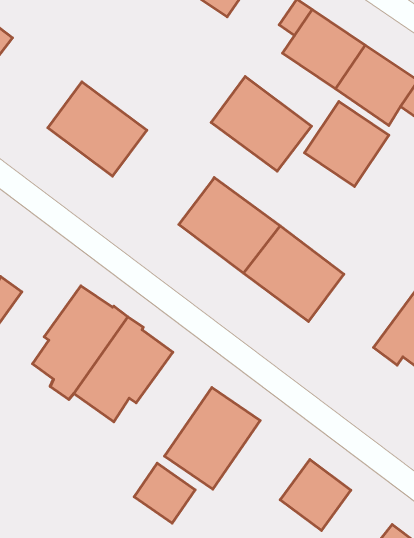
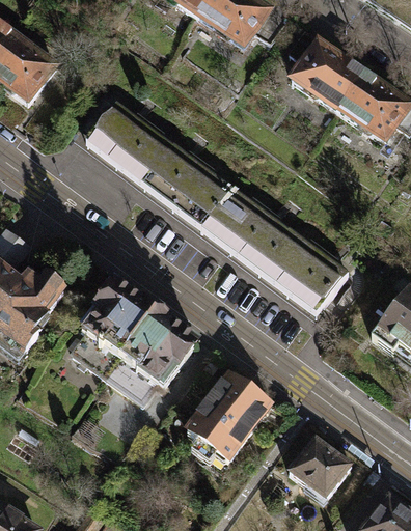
building: [211,77,311,171] -> [142,145,230,228]
building: [305,101,389,187] -> none
building: [134,463,195,523] -> none

